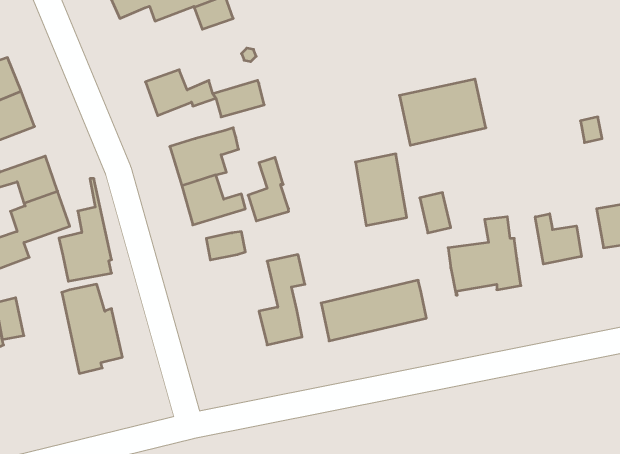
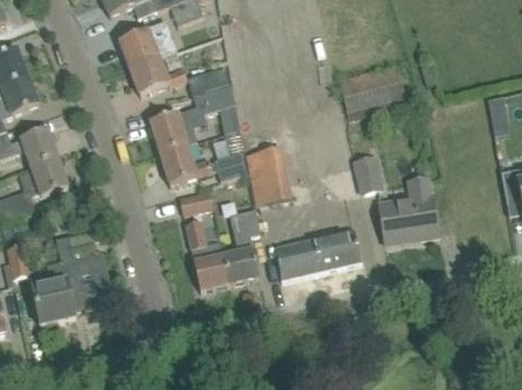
building: none -> [119,20,175,68]
building: none -> [192,86,234,113]
building: [355,154,407,226] -> [248,148,290,207]
building: [59,179,112,281] -> [32,241,76,326]
building: [535,214,581,264] -> none
building: none -> [185,222,230,290]

